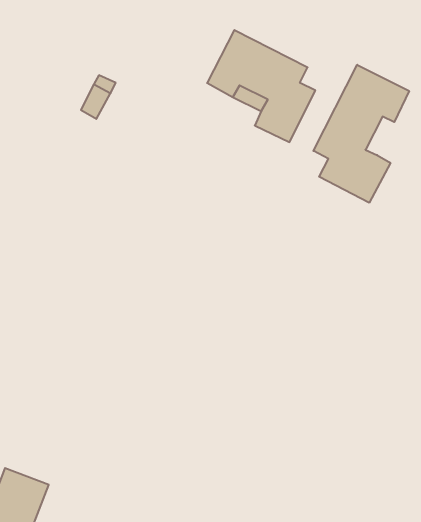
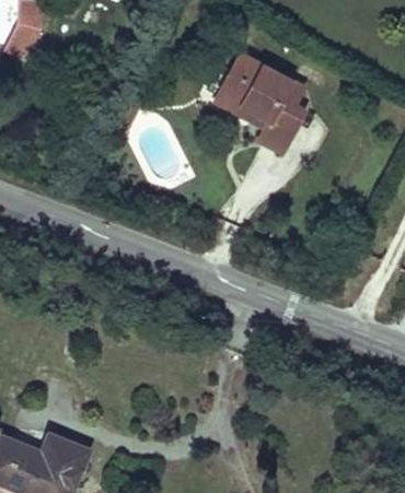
building: [313,65,409,203] -> none

